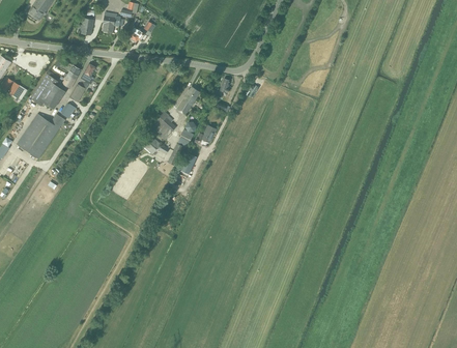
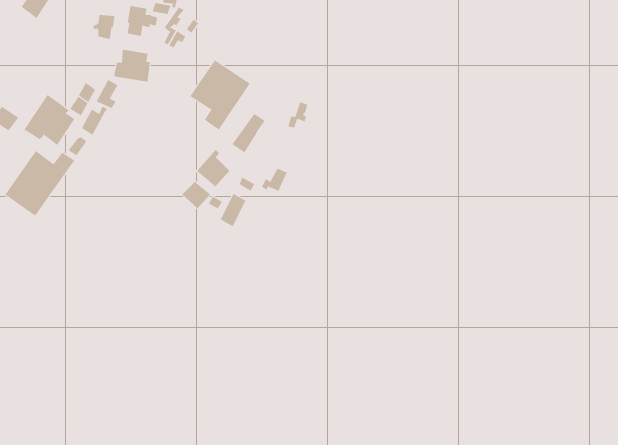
building: none -> [114,49,150,82]
building: none -> [190,59,250,131]

